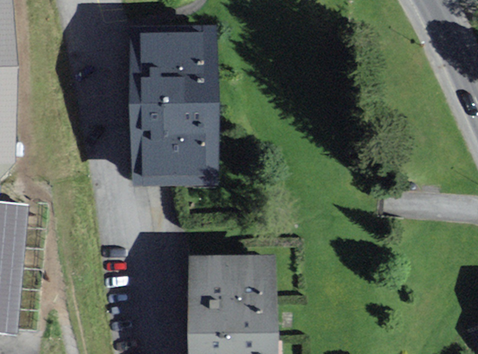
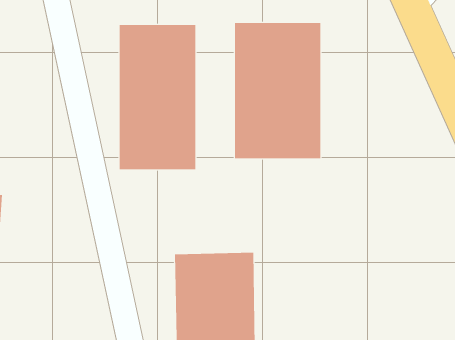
building: none -> [235,22,321,159]

